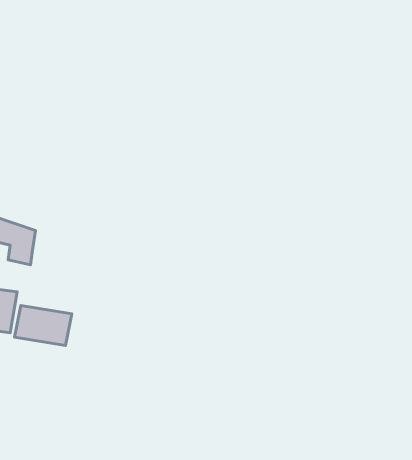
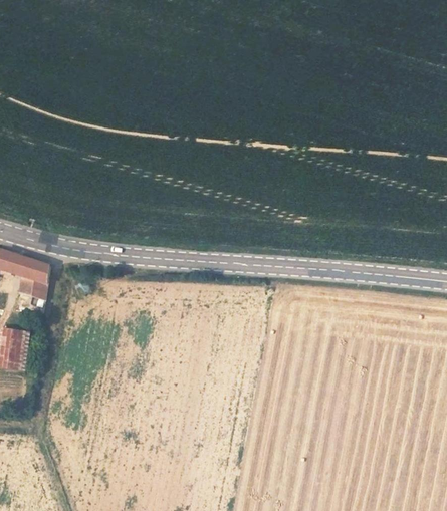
building: [15,305,72,346] -> none

